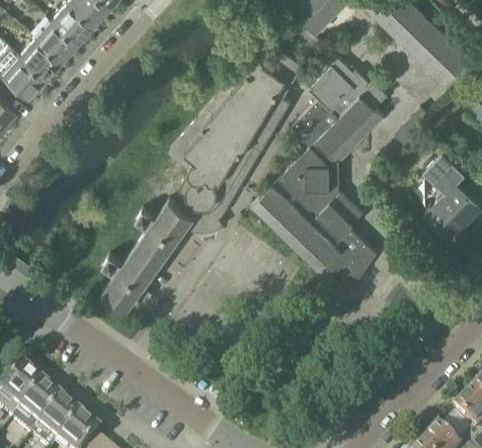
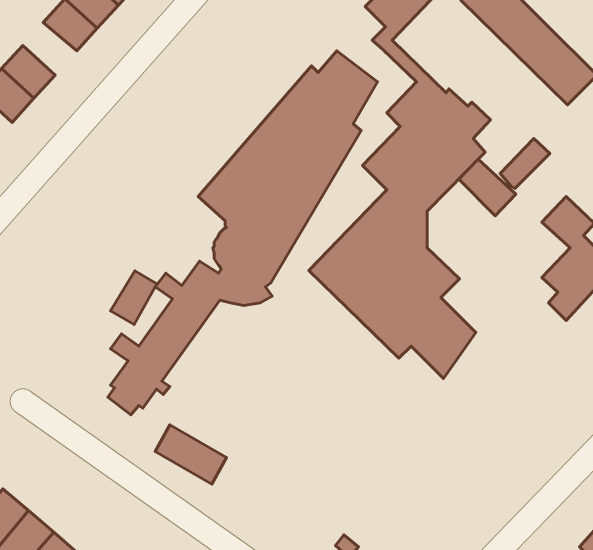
building: [37,20,78,60] -> none
building: none -> [459,159,516,216]
building: none -> [111,271,157,324]
building: none -> [155,425,227,484]

